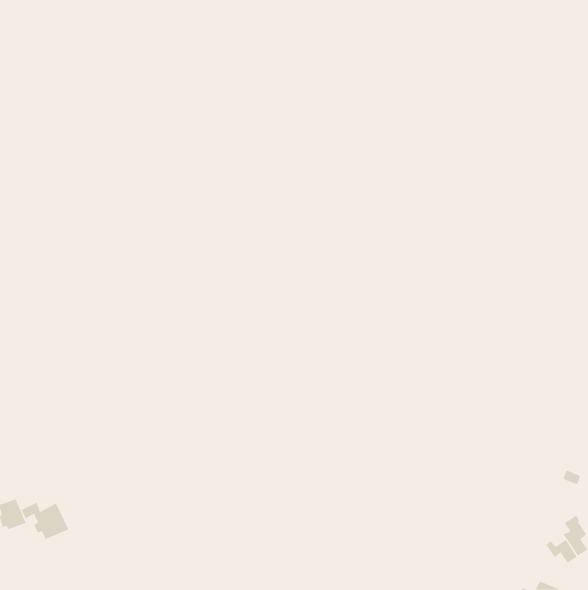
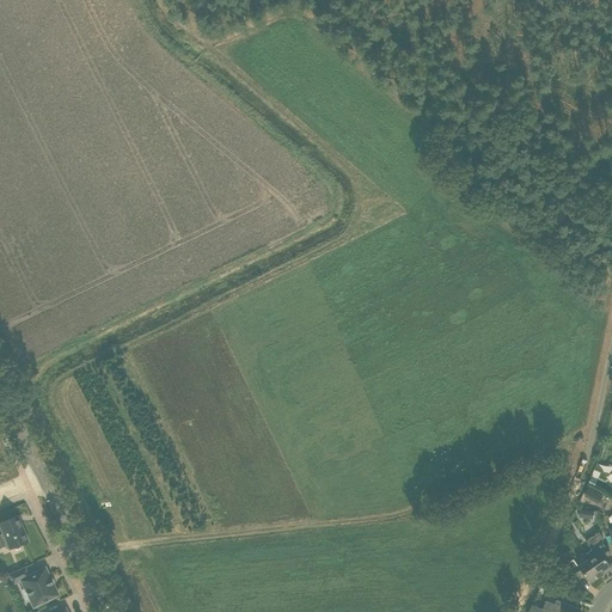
building: [21,502,69,540] -> [7,567,57,606]

